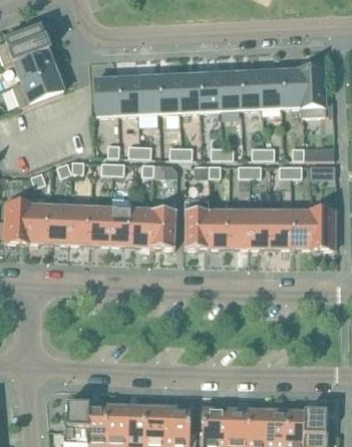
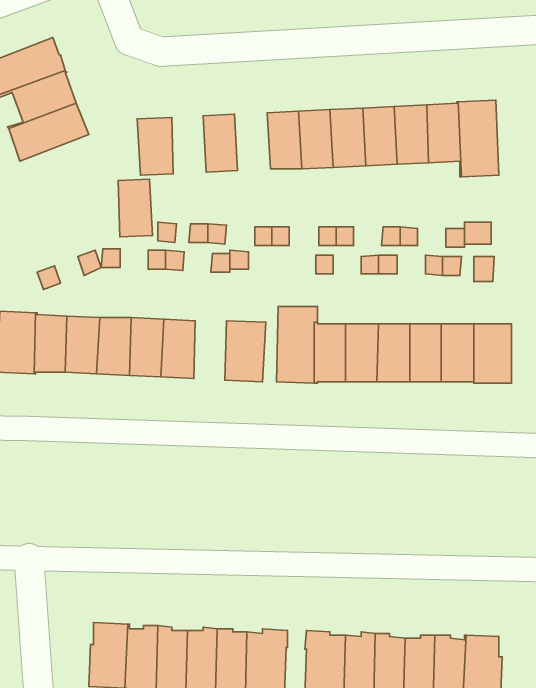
building: [156,74,180,111] -> none
building: [116,76,138,113] -> [118,179,153,237]
building: [130,207,151,246] -> none

